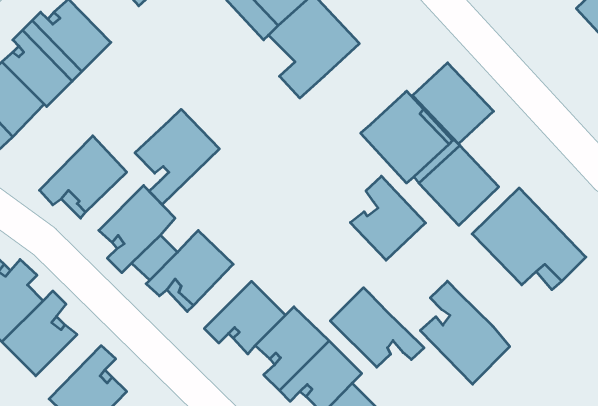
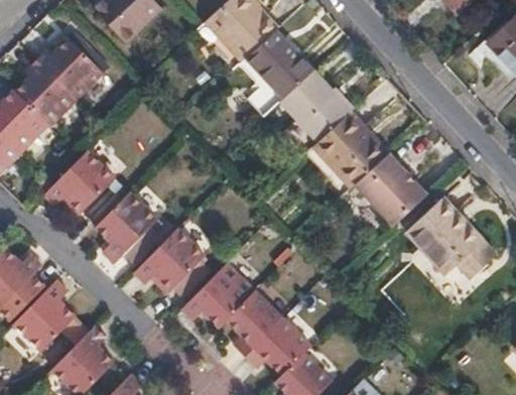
building: [412,63,494,144] -> [281,73,349,140]
building: [135,109,219,204] -> none
building: [350,176,426,260] -> none
building: [420,281,510,384] -> none
building: [330,288,424,367] -> none

